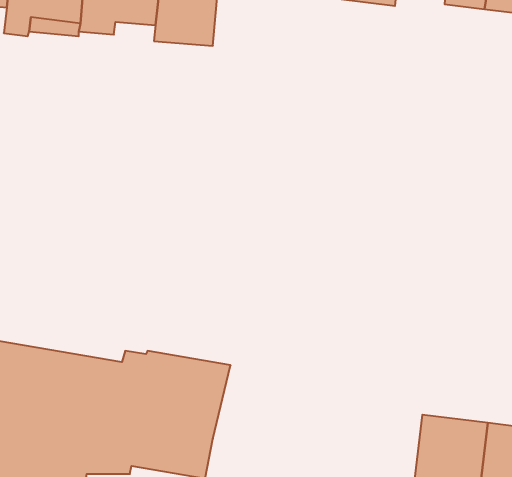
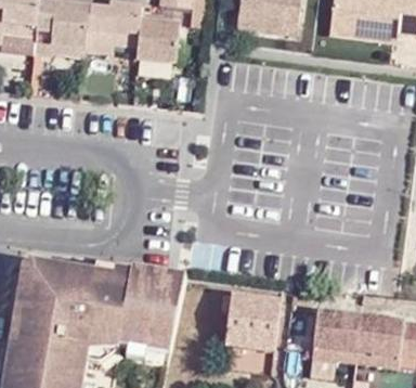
building: none -> [223,293,281,347]

